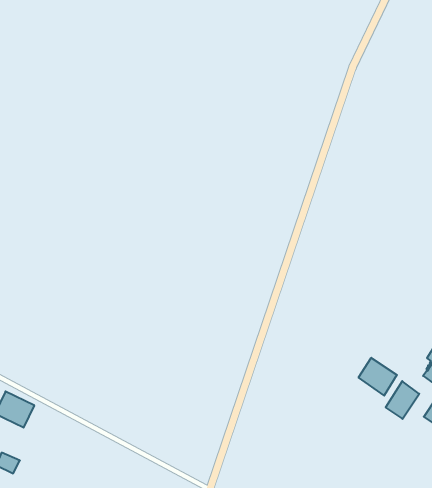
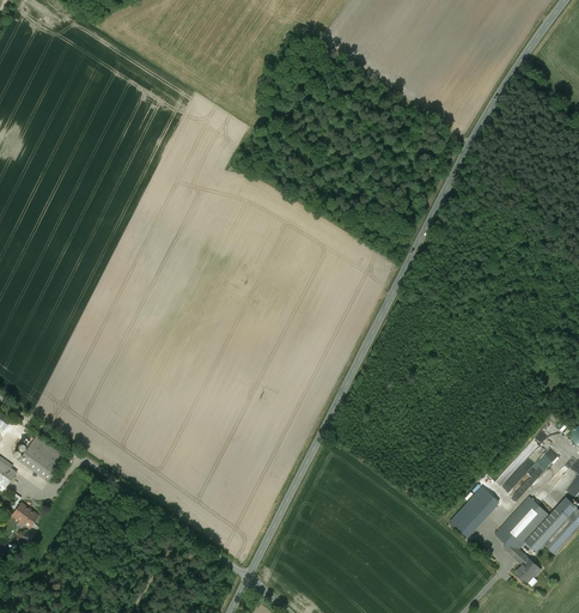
building: [359,358,397,396] -> none

